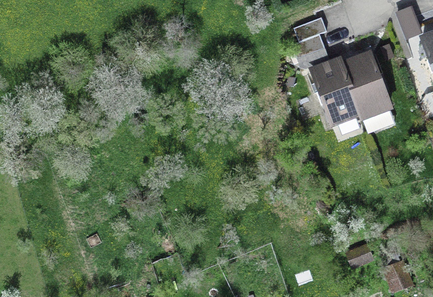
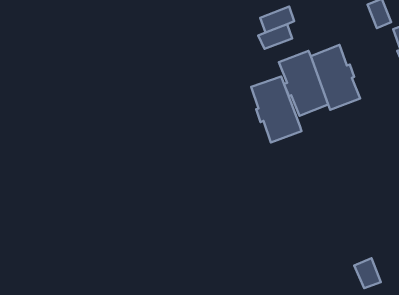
building: none -> [251,77,302,142]

